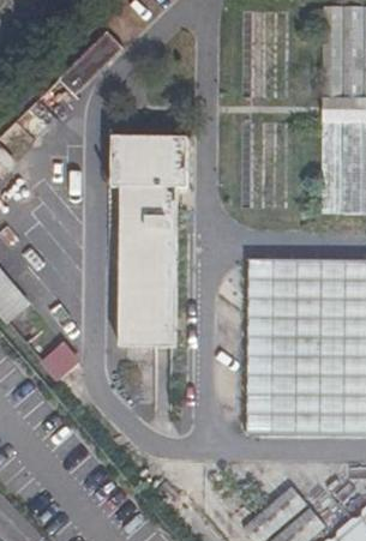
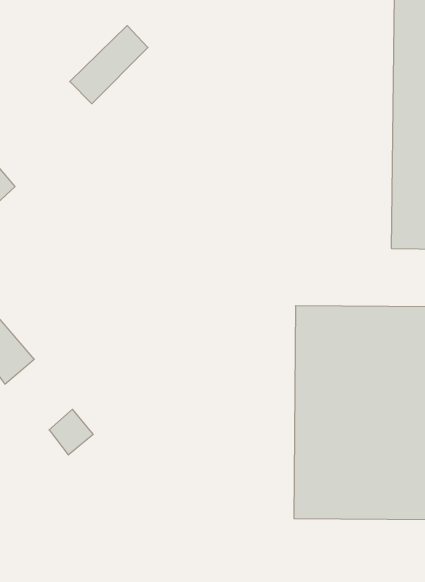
building: [115,136,191,347] -> none

